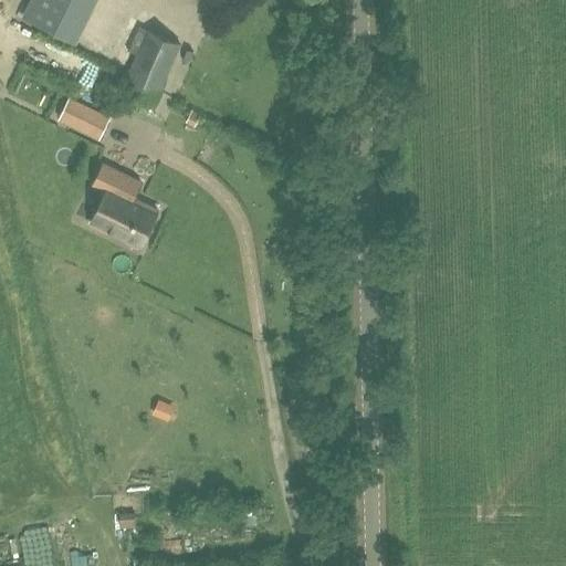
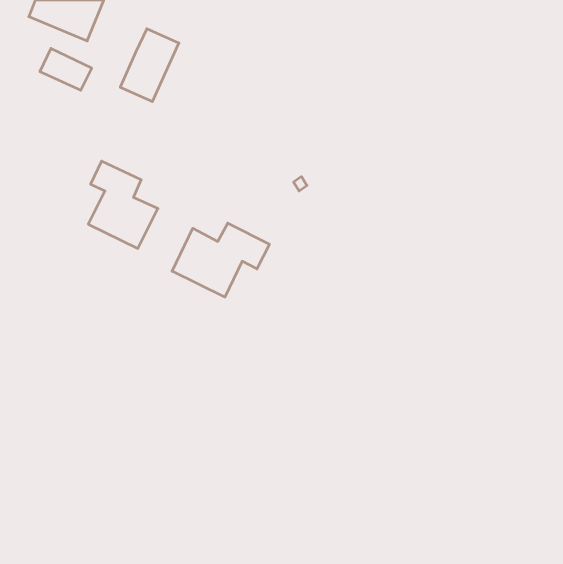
building: [57,96,109,138] -> [40,48,92,90]
building: none -> [172,223,269,297]

